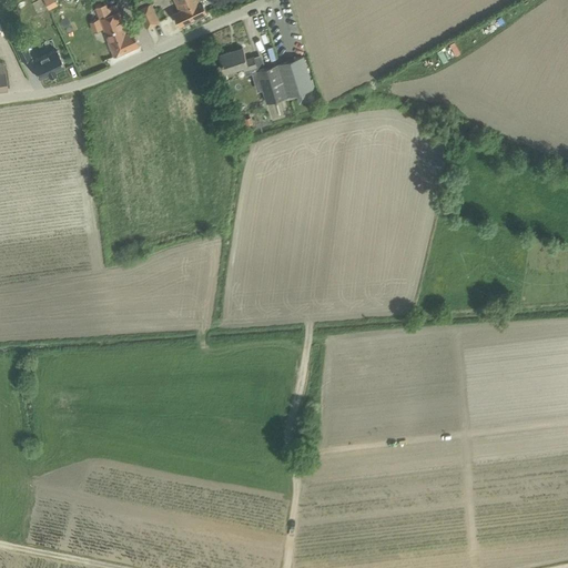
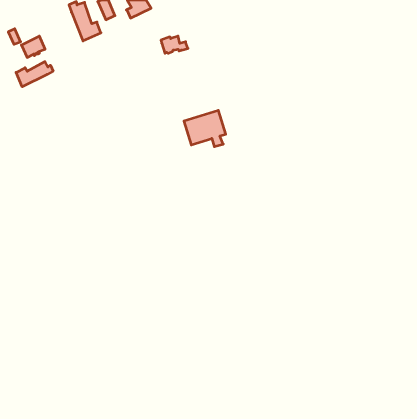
building: [254,55,311,104] -> [184,110,226,147]
building: none -> [16,62,53,87]

